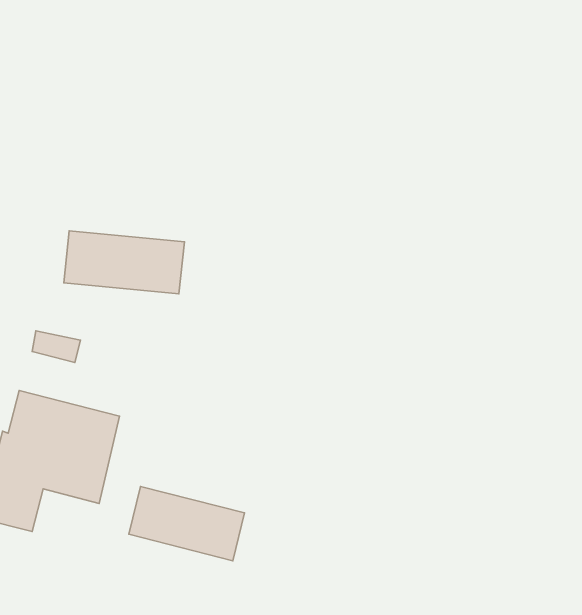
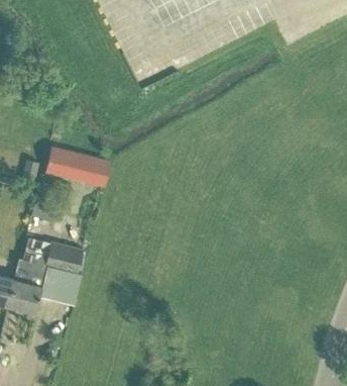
building: [129,486,244,561] -> none

